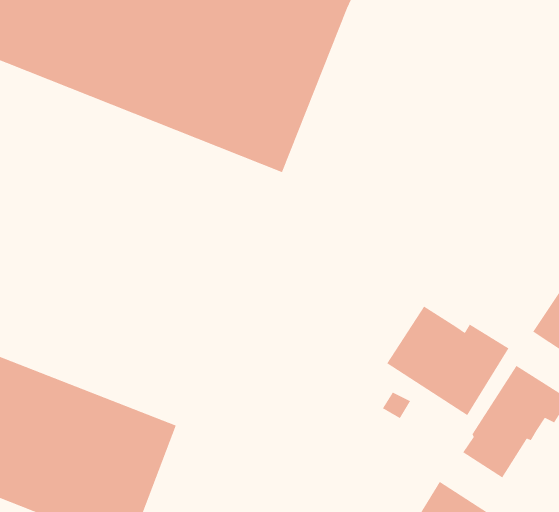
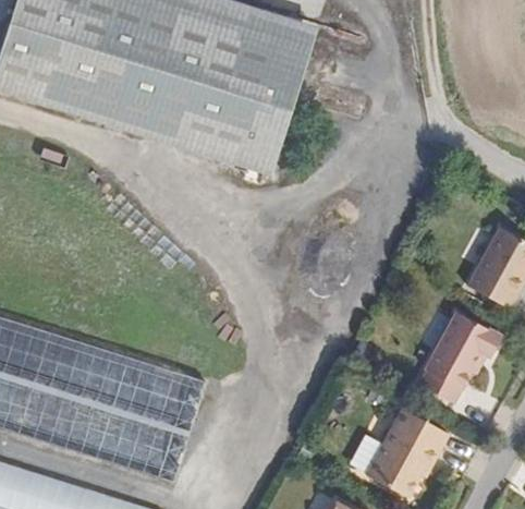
building: [386,306,509,416] -> none

